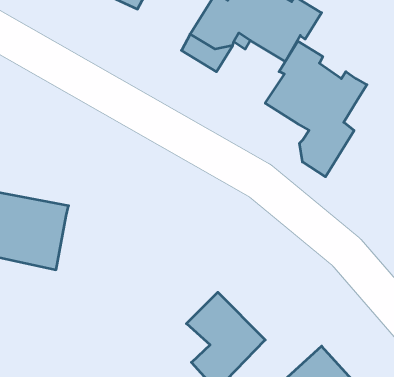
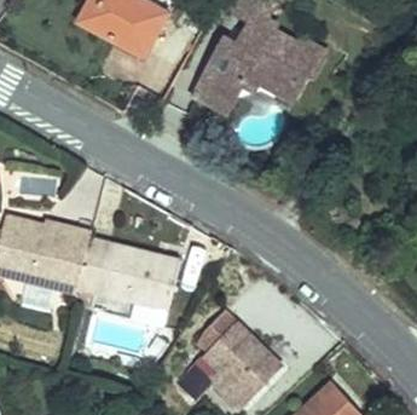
building: [265,41,367,177] -> none
building: none -> [74,252,174,323]

